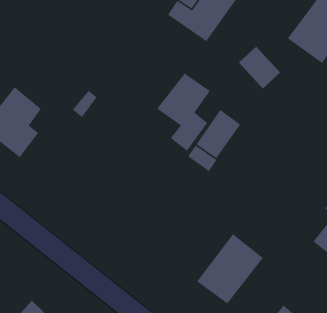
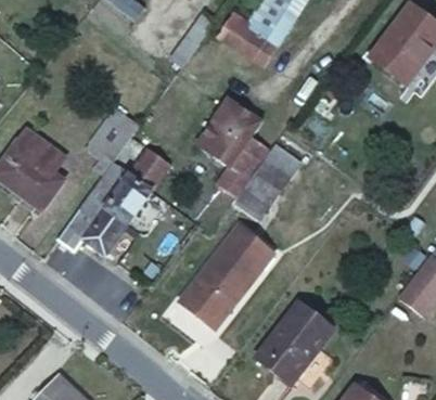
building: [238,46,281,90] -> none
building: none -> [57,150,174,255]
building: none -> [179,222,274,326]

